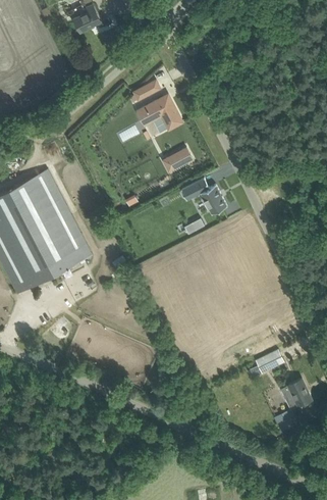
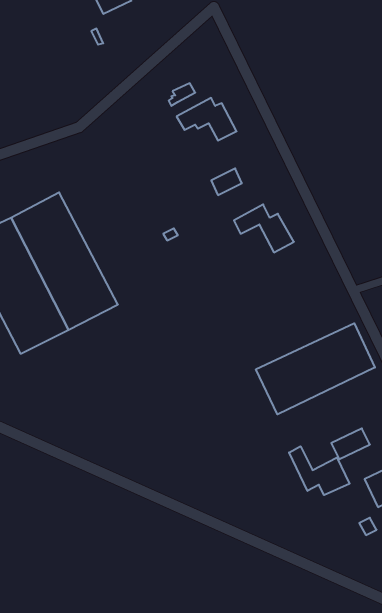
building: none -> [256,323,375,414]
building: none -> [289,446,350,495]

